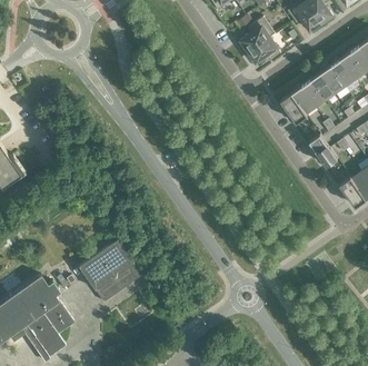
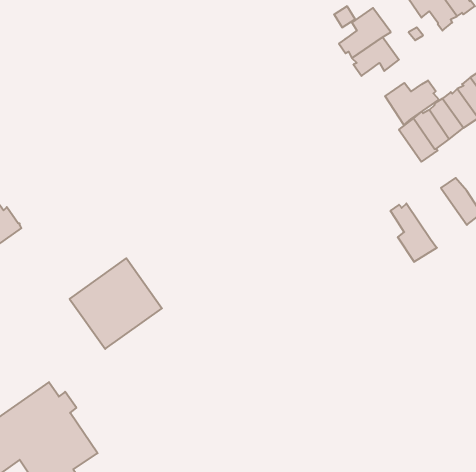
building: none -> [385,80,439,125]
building: none -> [391,203,437,262]
building: [78,240,141,303] -> [70,258,162,349]

